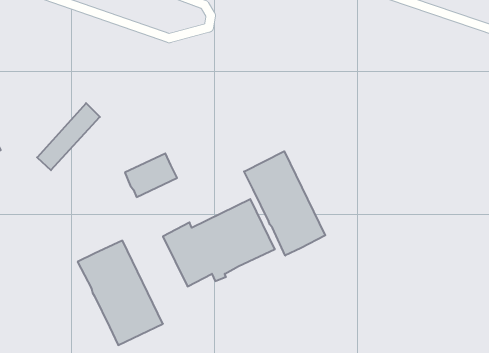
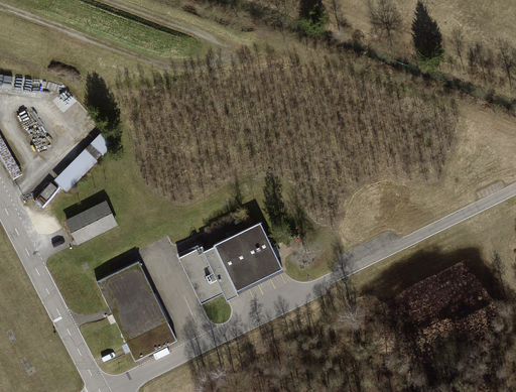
building: [244,151,325,256] -> none
building: [125,153,177,197] -> [67,202,116,243]

